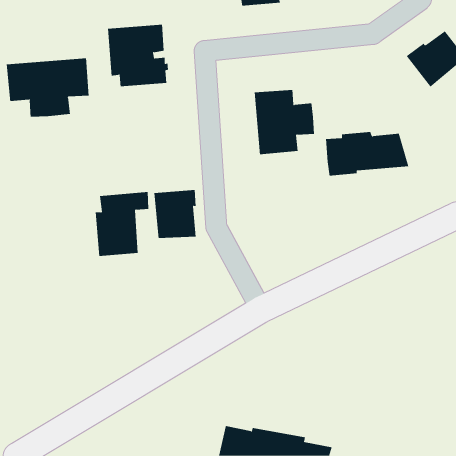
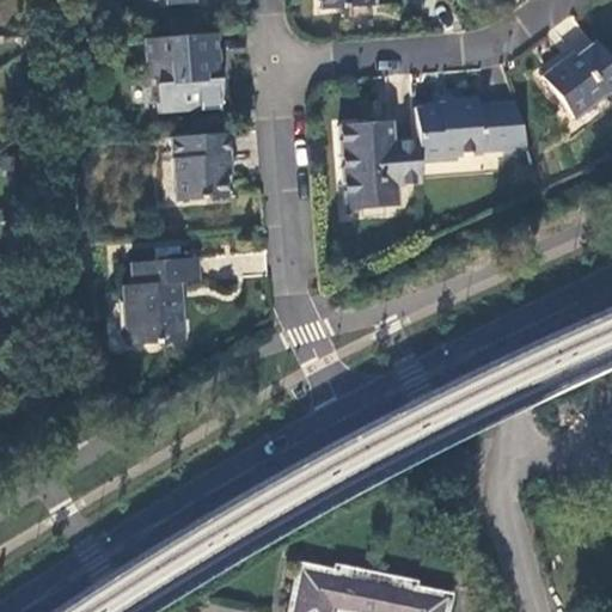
building: [6,58,89,118] -> none
building: [325,132,409,176] -> [416,97,528,157]
building: [154,189,196,239] -> [173,133,231,198]

